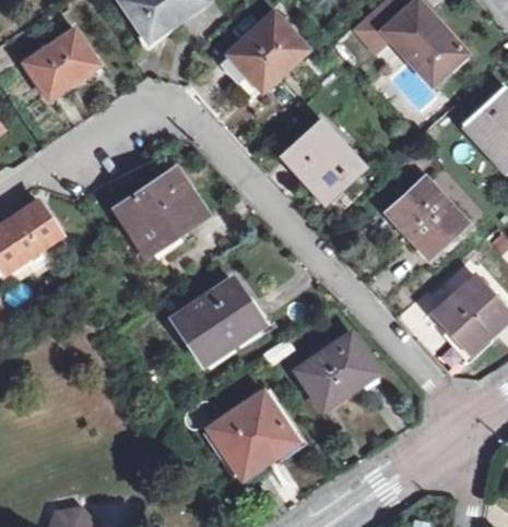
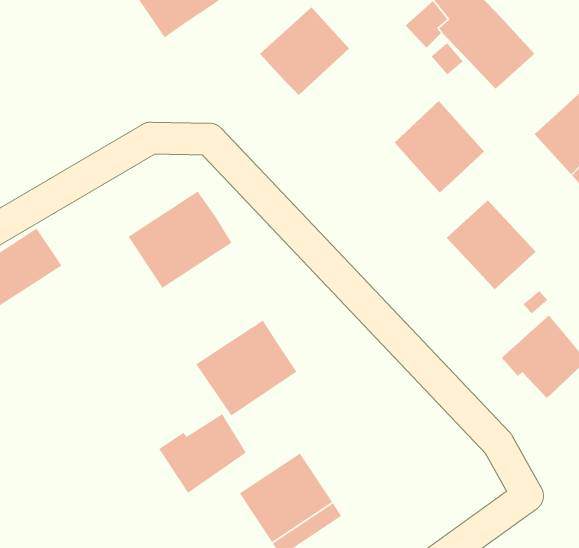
building: [24,29,98,96] -> none
building: [282,120,359,200] -> [394,100,485,194]
building: [295,334,375,409] -> none
building: none -> [158,413,247,494]

